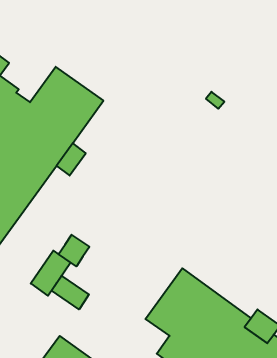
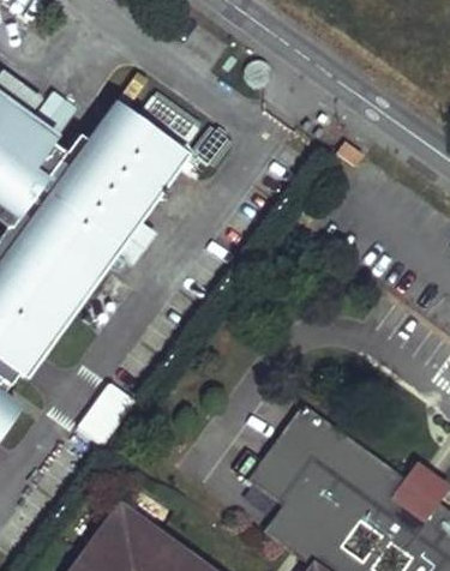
building: [59,235,89,266] -> none
building: [52,276,89,309] -> none

